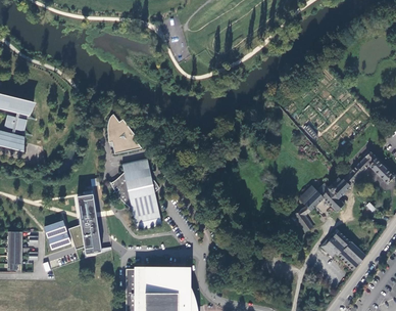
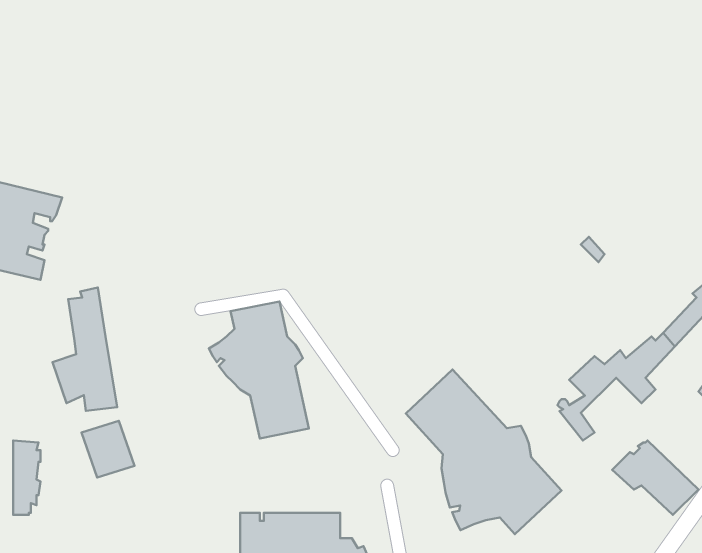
building: [107,114,142,154] -> none
building: [68,190,102,255] -> [53,288,117,411]
building: none -> [406,370,562,534]

